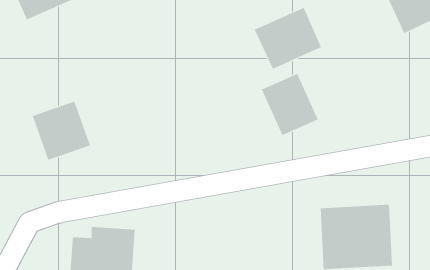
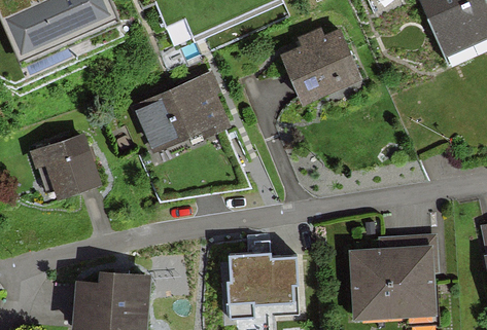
building: none -> [135,78,227,153]
building: [261,73,319,136] -> none
building: none -> [231,249,298,308]

